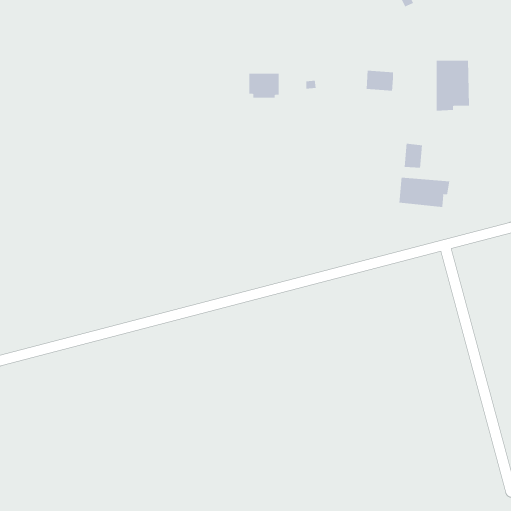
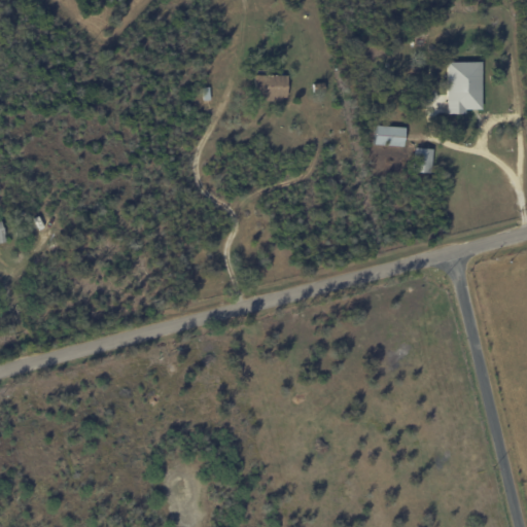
building: [366,70,394,91] -> [376,125,405,146]
building: [399,177,450,208] -> none

